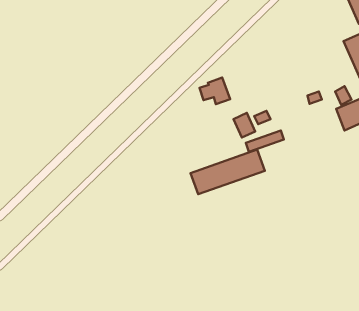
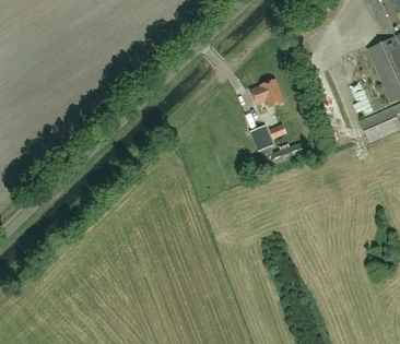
building: [199,78,230,104] -> [250,79,283,107]
building: [190,149,265,194] -> none

